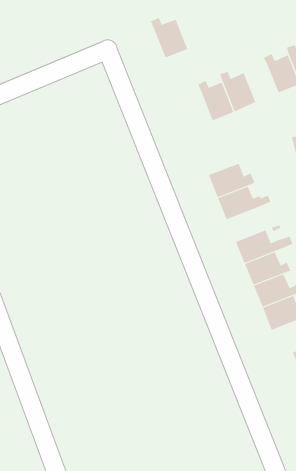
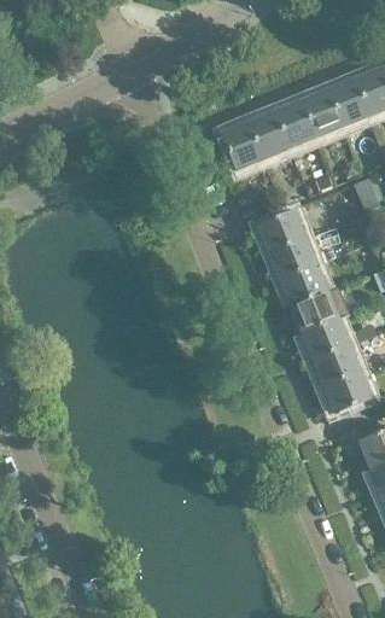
building: [150,17,188,58] -> [214,123,259,173]
building: none -> [294,89,339,139]
building: none -> [276,267,333,308]

